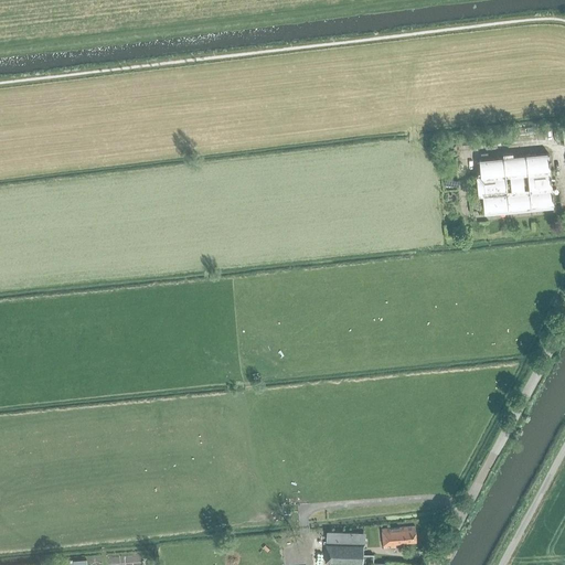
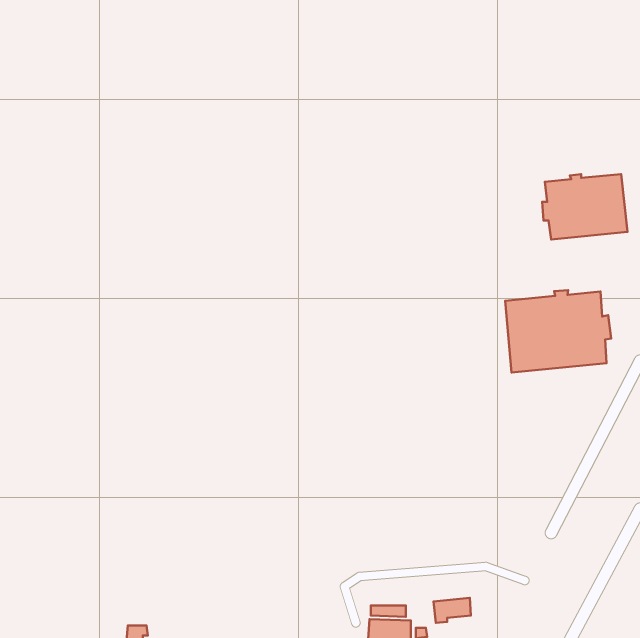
building: none -> [505,290,611,372]

